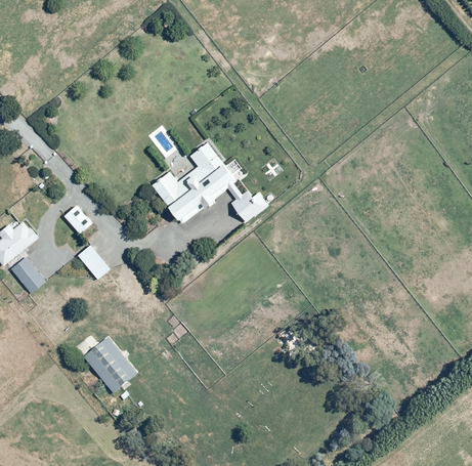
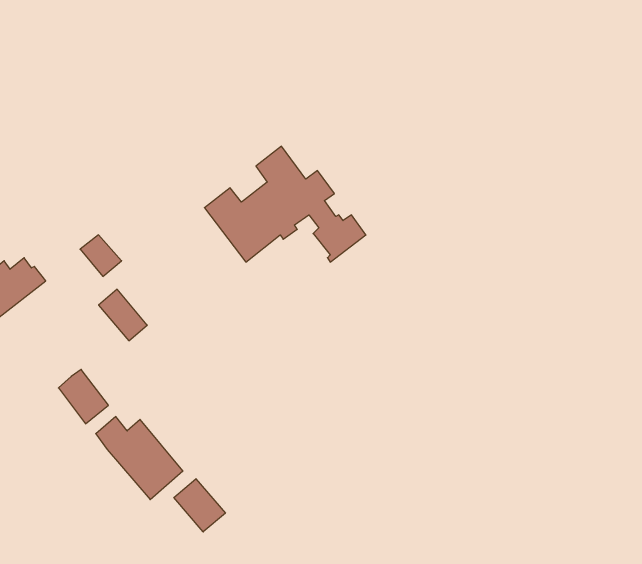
building: [9,255,45,294] -> [58,369,108,424]
building: none -> [174,479,225,532]

